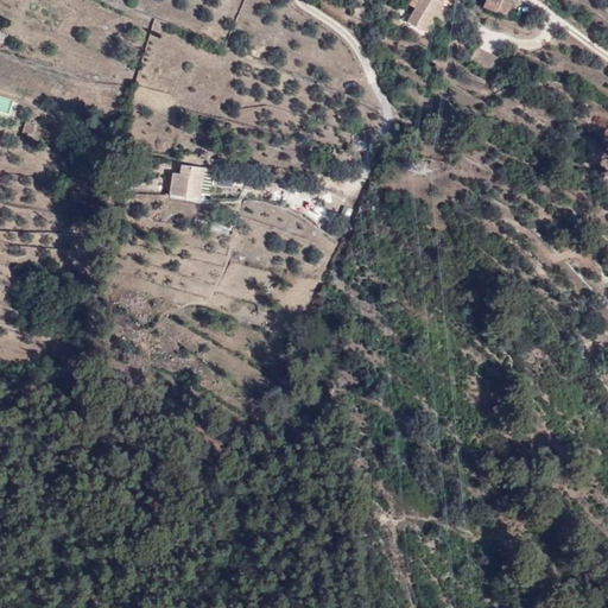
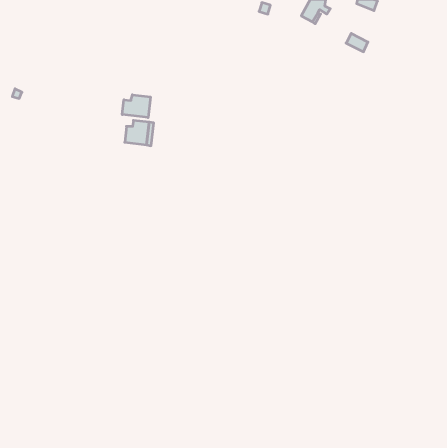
building: none -> [122,95,150,118]

